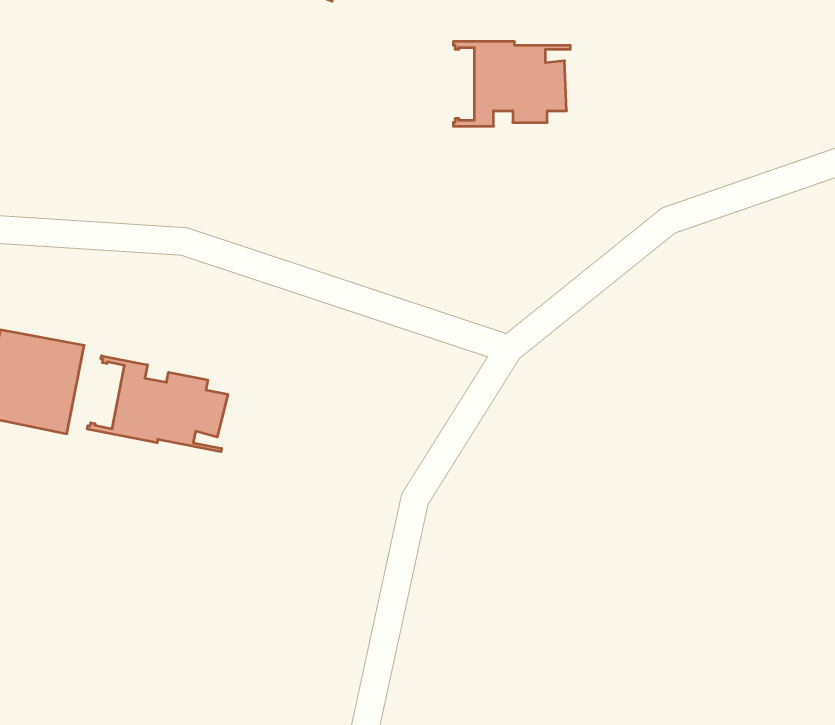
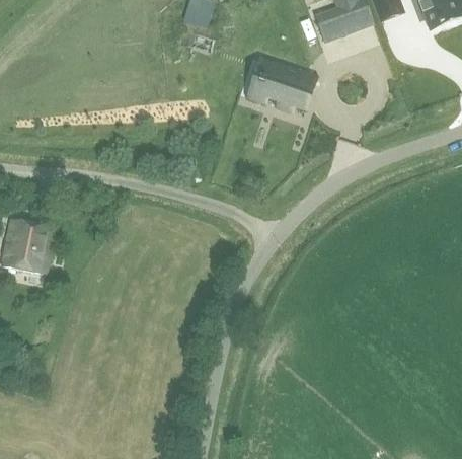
building: [87,356,228,452] -> none

